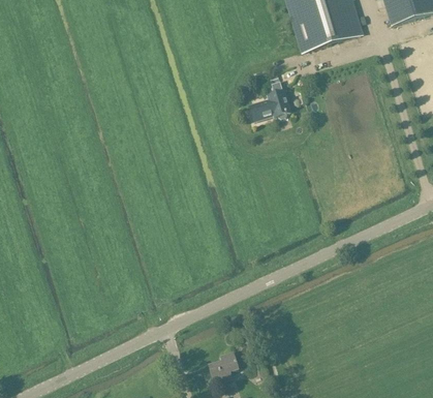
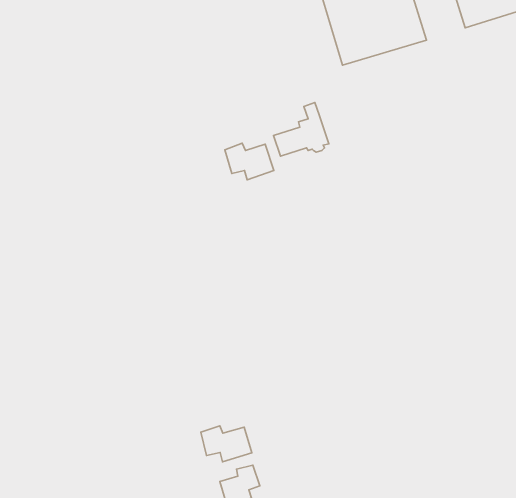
building: none -> [225,143,274,180]
building: none -> [201,426,252,462]

